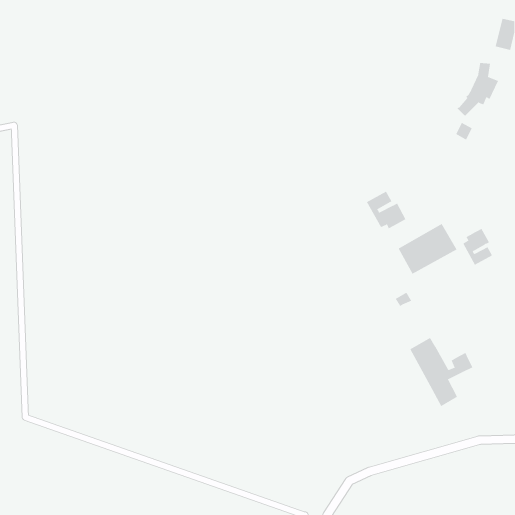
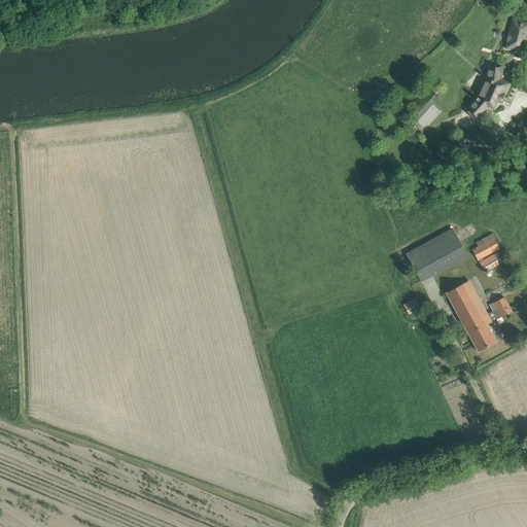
building: [366,191,406,229] -> none
building: [409,337,473,407] -> [446,280,511,351]

